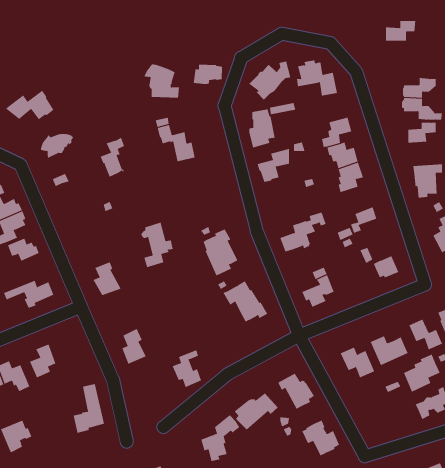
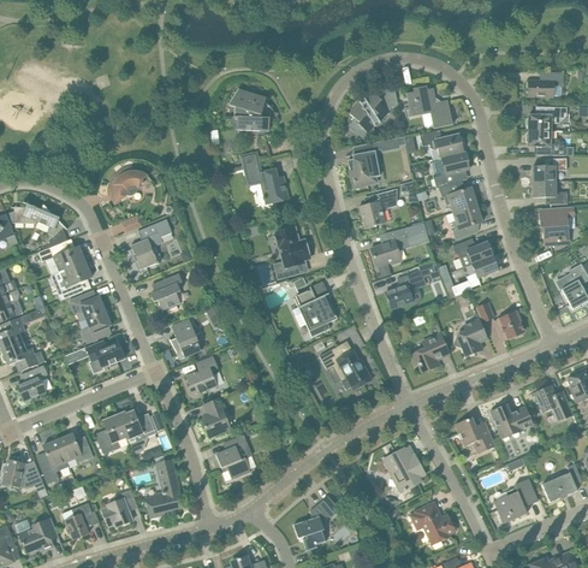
building: [385,20,416,41] -> [528,72,564,96]
building: [193,64,223,85] -> none
building: [5,90,54,120] -> none
building: none -> [418,129,463,158]
building: [100,137,125,177] -> [130,223,159,270]
building: none -> [533,181,568,203]
building: none -> [370,227,408,266]
building: none -> [452,239,493,267]
building: [140,222,174,268] -> [271,226,309,279]
building: none -> [150,273,182,310]
building: none -> [82,309,112,343]
building: none -> [453,319,487,356]
building: none -> [185,355,219,394]
building: none -> [119,410,156,452]
building: [172,349,203,388] -> [215,434,251,479]
building: [403,354,440,392] -> [494,479,537,523]
building: [234,393,279,431] -> none
building: none -> [101,490,135,527]

